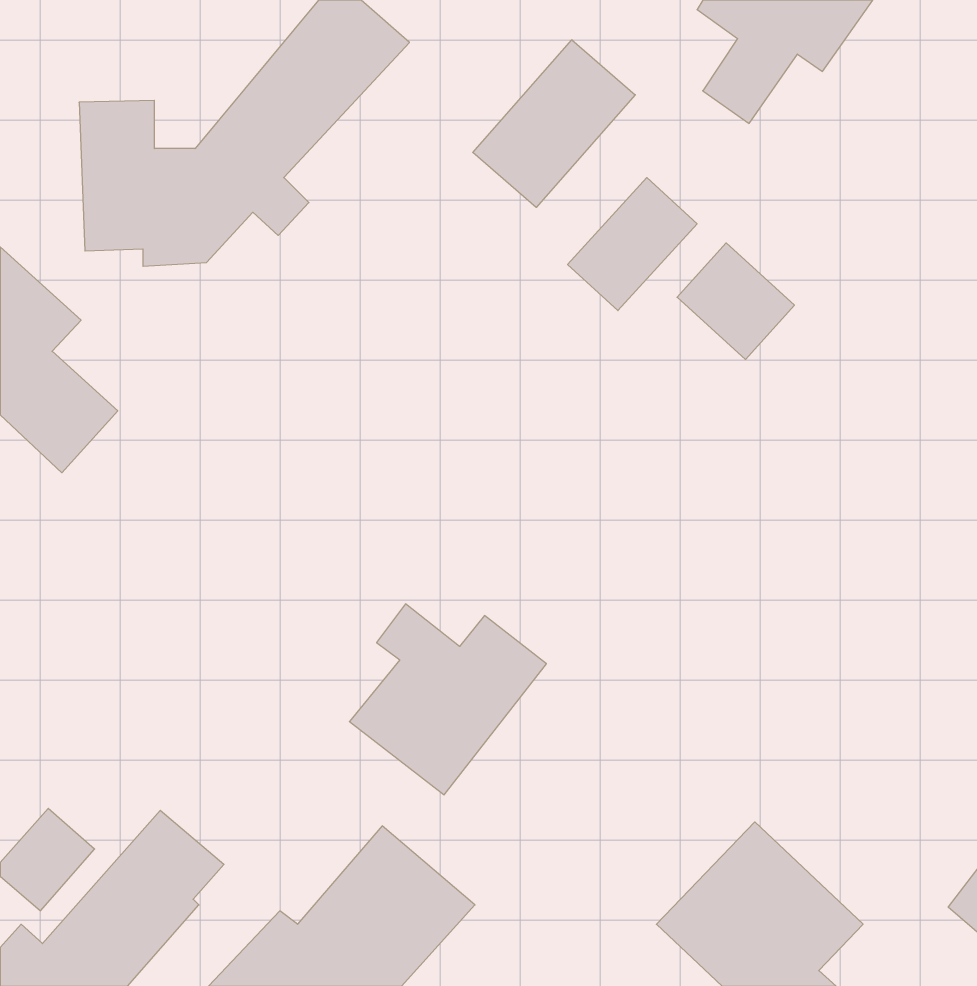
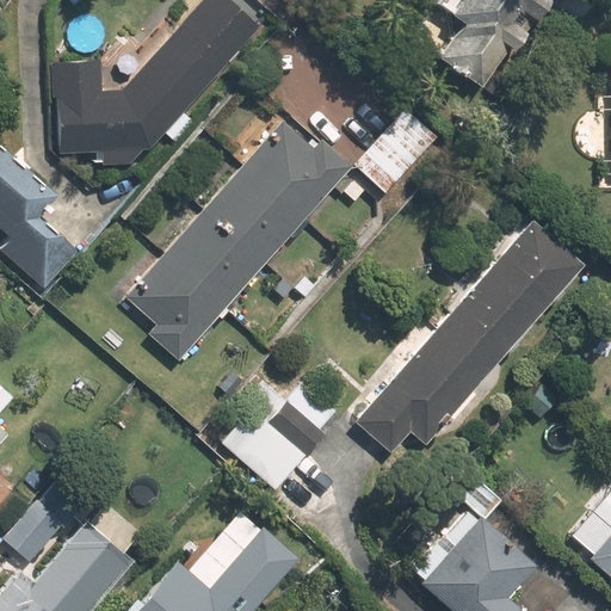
building: [473,40,635,207] -> none
building: none -> [126,119,353,363]
building: [677,243,794,359] -> none
building: none -> [358,222,578,453]

